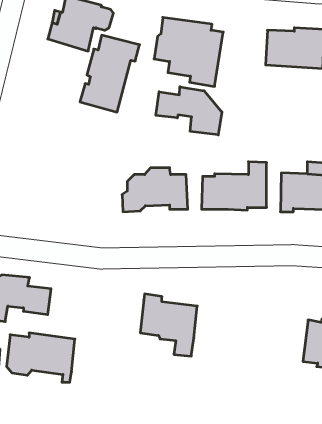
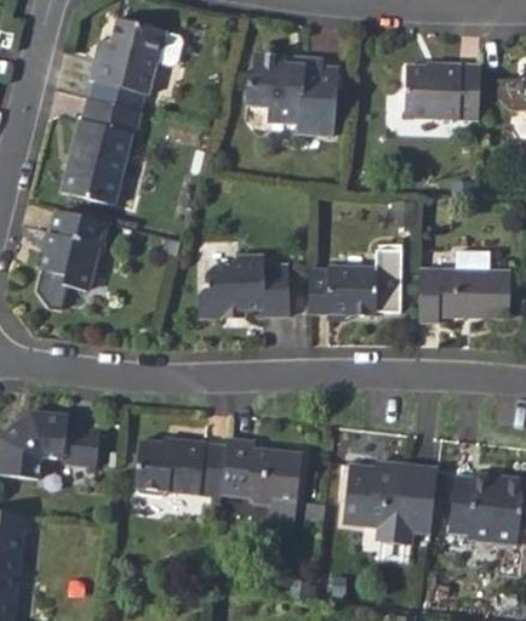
building: [80,35,140,112] -> [58,98,142,206]
building: [156,87,222,135] -> none
building: none -> [39,210,110,294]
building: none -> [343,460,438,541]
building: [7,333,75,382] -> [131,435,227,505]

